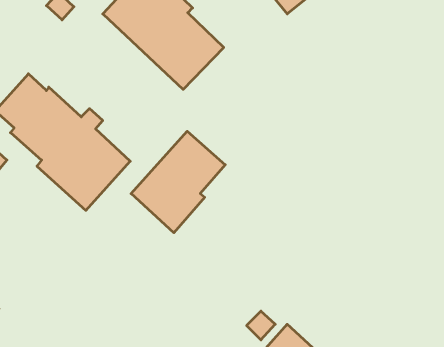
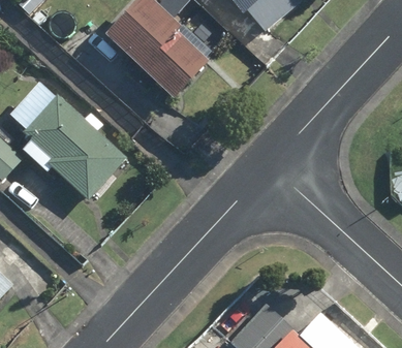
building: [131,131,225,233] -> none

